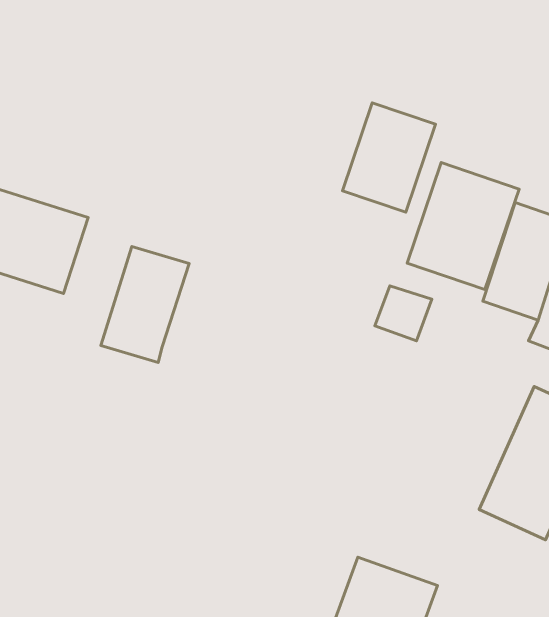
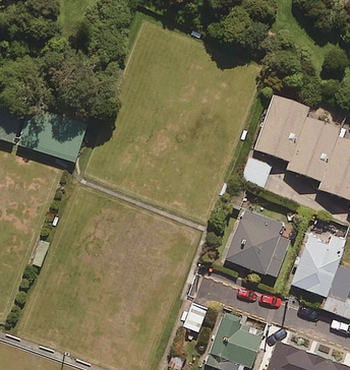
building: [342,103,436,212] -> none
building: [101,246,189,363] -> none
building: none -> [225,211,302,282]

